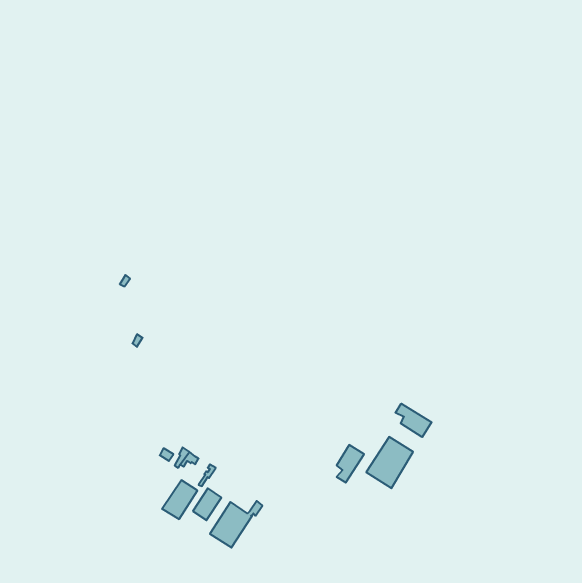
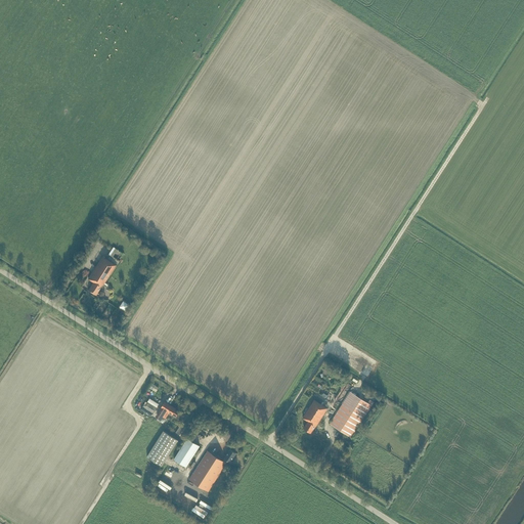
building: none -> [87,256,115,295]
building: [395,404,432,437] -> none

